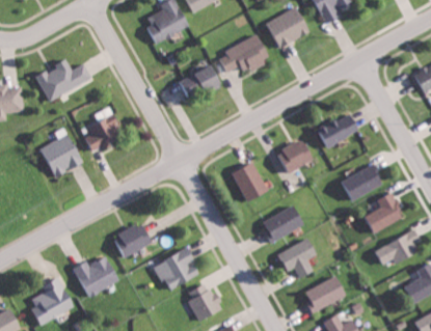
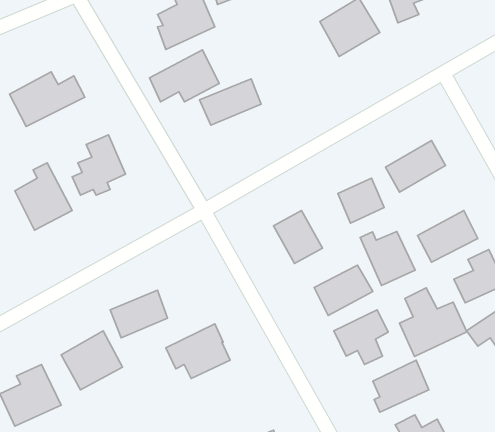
building: [218,34,270,73] -> [149,50,219,102]
building: none -> [360,232,415,286]
building: none -> [399,288,467,356]
building: [184,281,221,322] -> none

